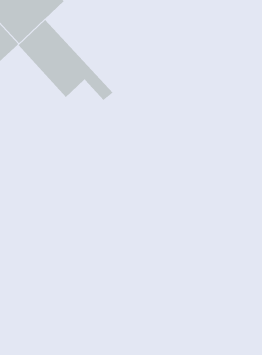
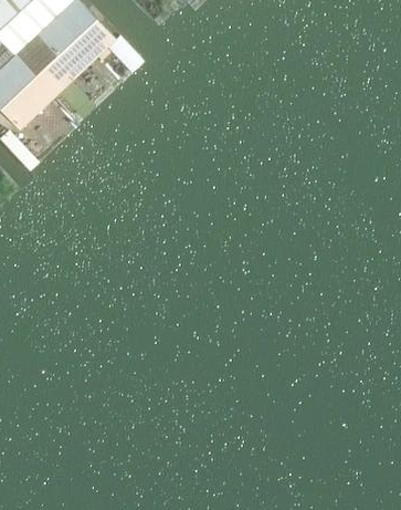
building: [18,19,113,101] -> none

